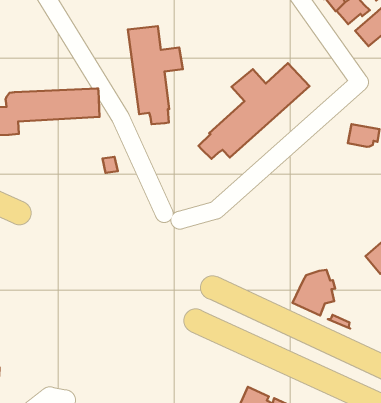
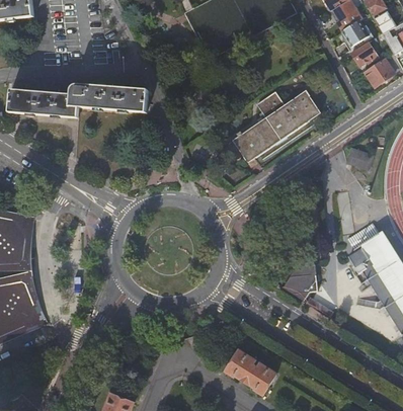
building: [128,26,183,124] -> none

